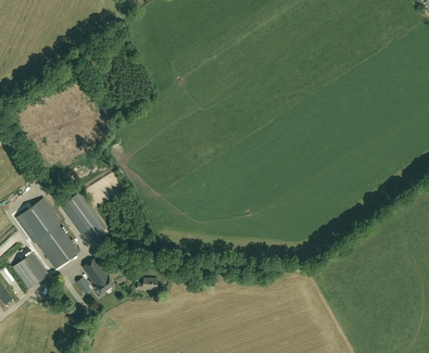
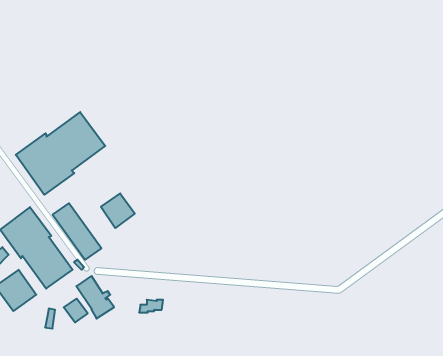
building: none -> [16,112,105,195]
building: none -> [101,193,135,228]

